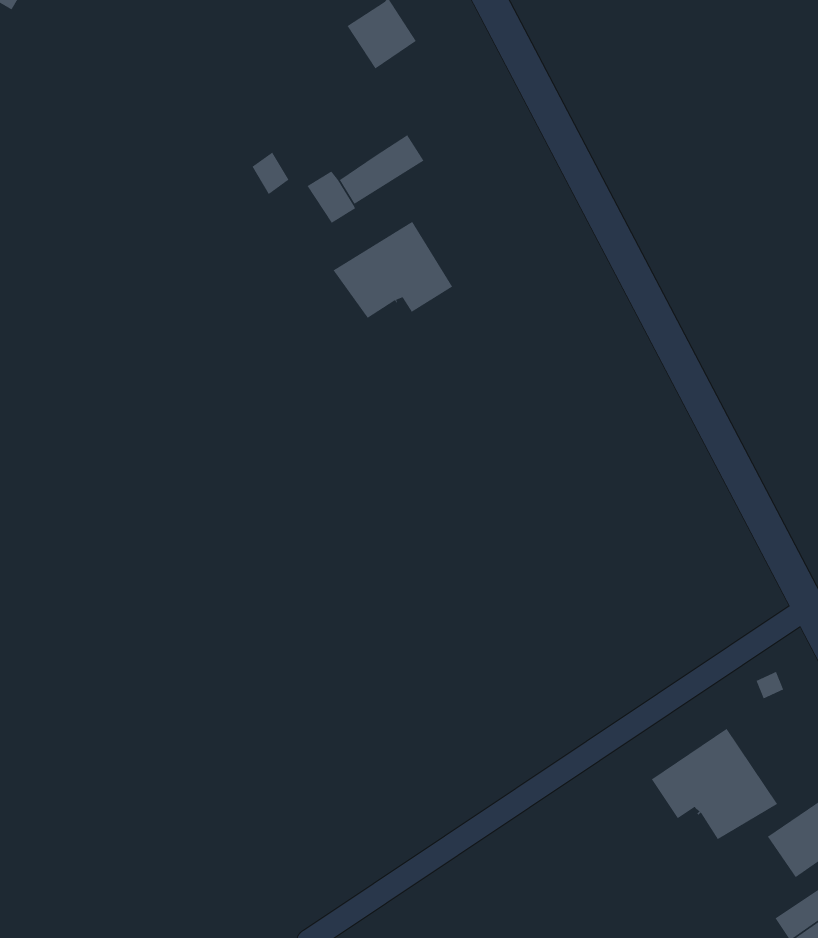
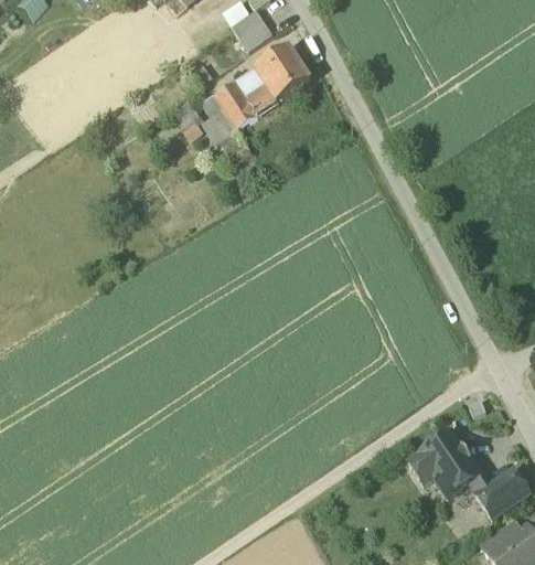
building: none -> [255,45,310,102]
building: none -> [214,79,248,113]
building: [333,221,453,319] -> none

